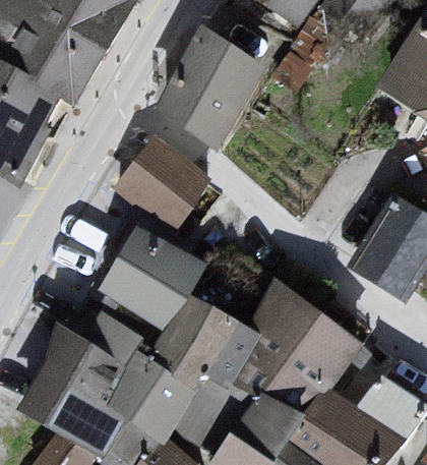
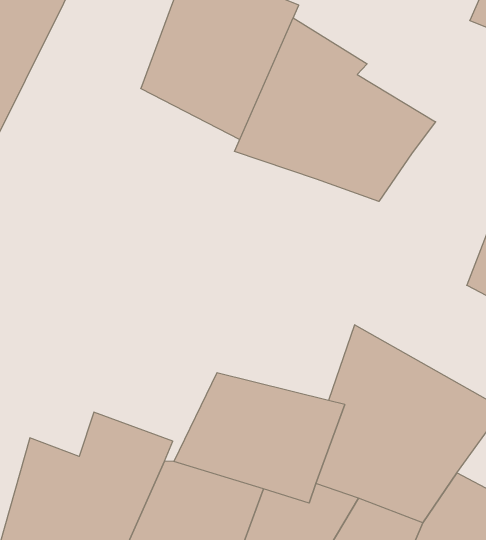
building: none -> [235,18,436,201]
building: [113,137,208,235] -> none
building: [102,225,210,331] -> none

